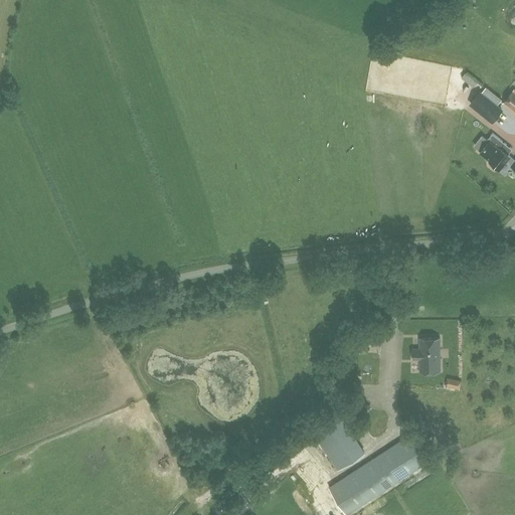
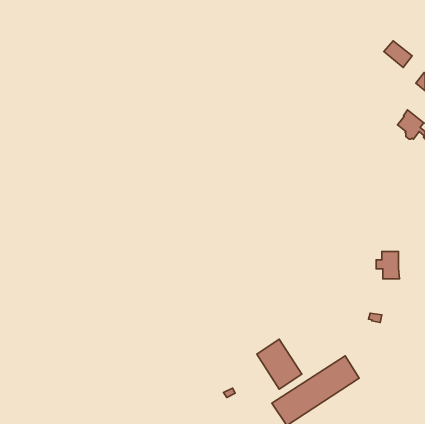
building: [468,93,502,125] -> [384,41,412,67]
building: [411,340,440,373] -> [376,251,399,279]

